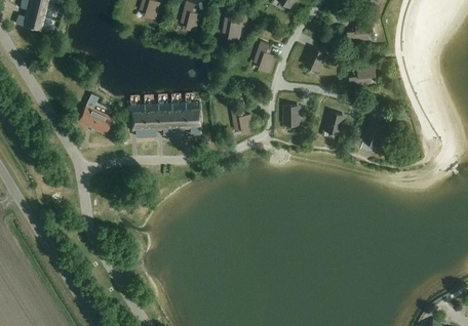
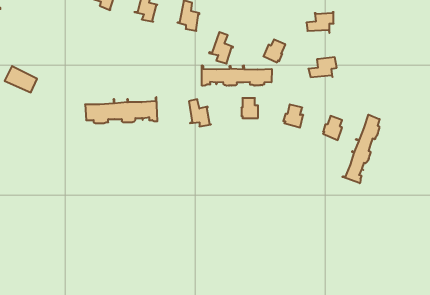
building: none -> [202,65,272,86]
building: [79,106,111,131] -> [5,66,37,92]
building: none -> [342,115,380,183]

